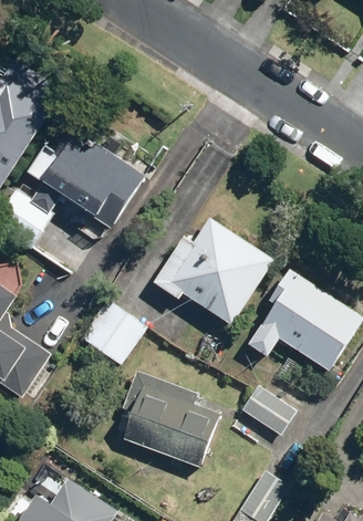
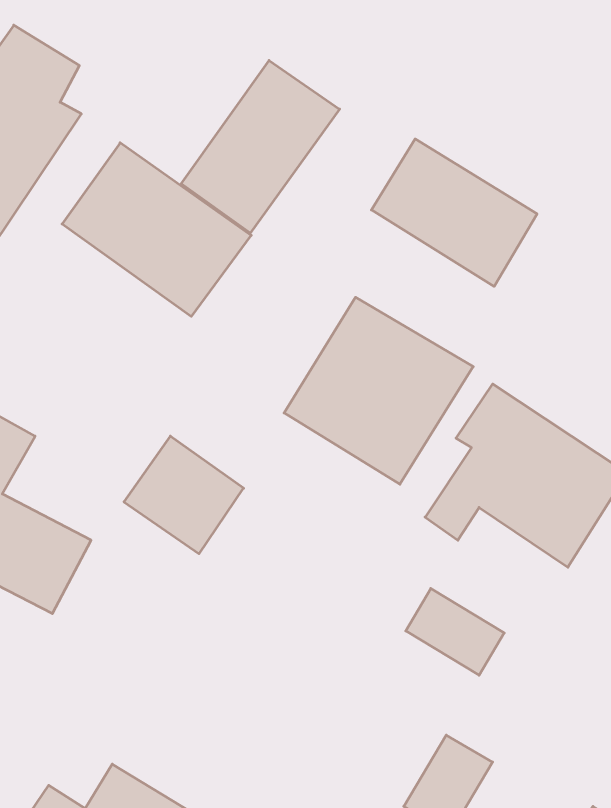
building: none -> [181,60,340,233]
building: none -> [371,139,537,286]
building: [113,376,227,466] -> none

